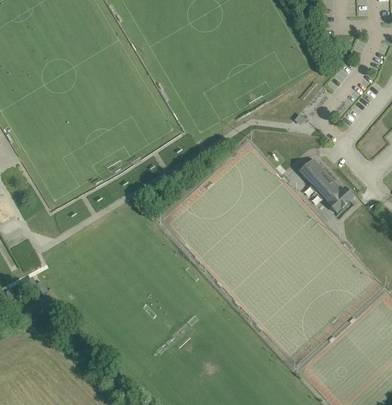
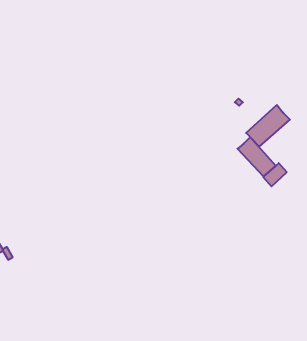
building: none -> [246,105,290,147]

